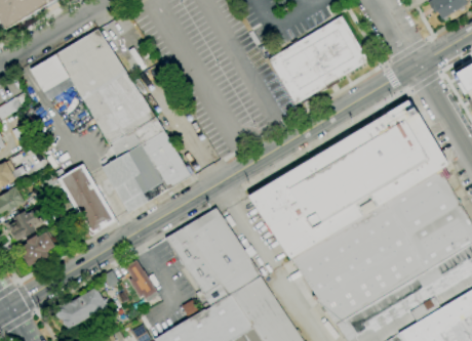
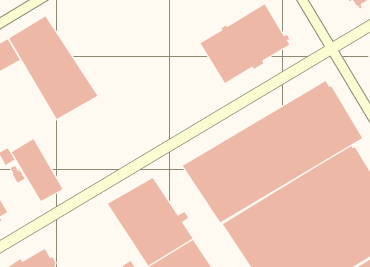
building: [102,117,191,212] -> none
building: [126,260,159,301] -> none

